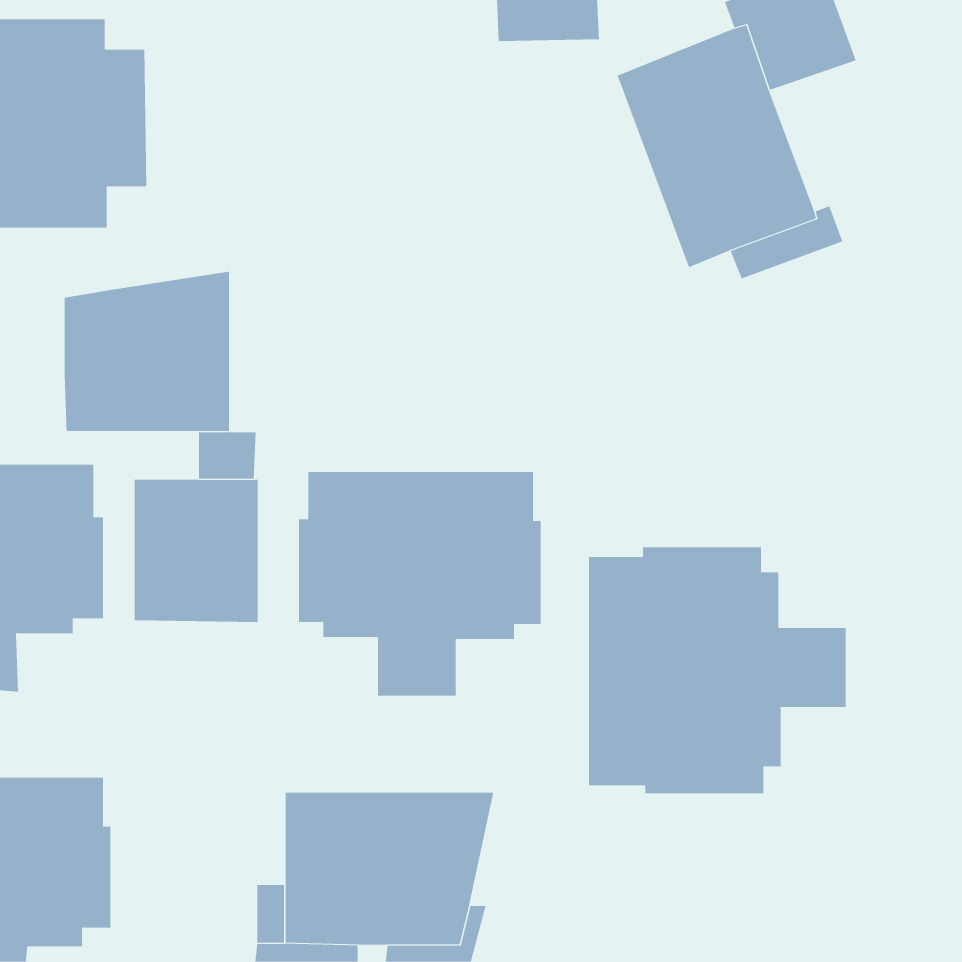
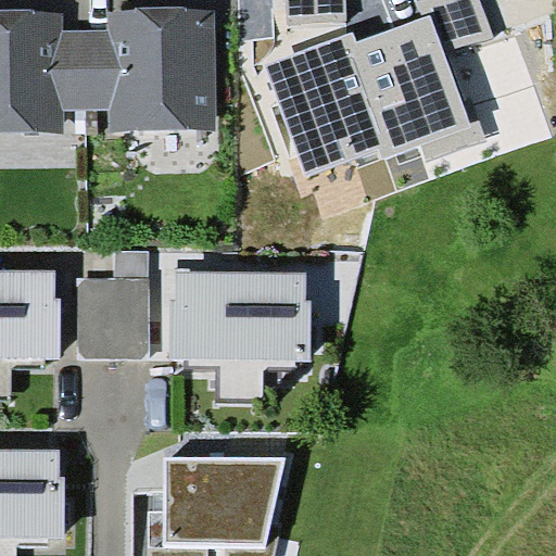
building: none -> [84,9,213,131]
building: none -> [264,31,396,175]
building: [64,271,230,432] -> none
building: [588,547,846,794] -> none

